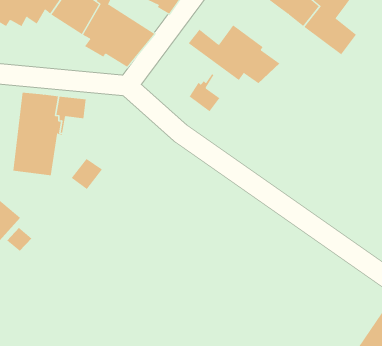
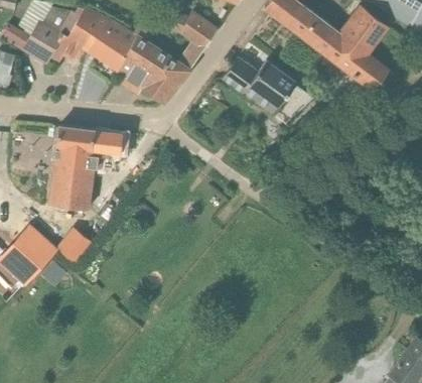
building: [189,73,220,112] -> none
building: [71,158,103,190] -> [64,229,96,260]

